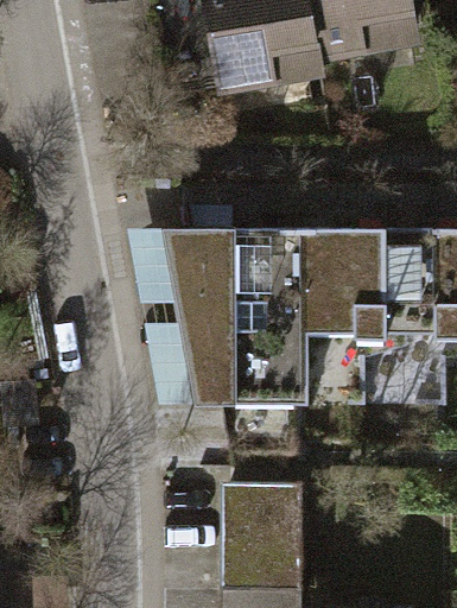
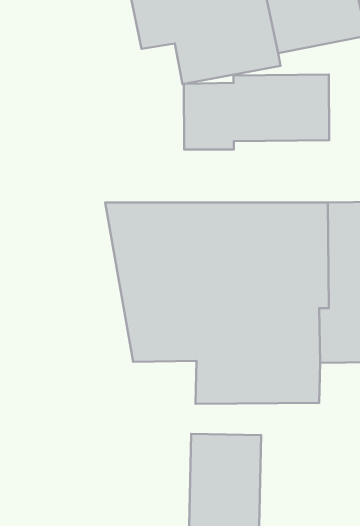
building: none -> [184,75,329,150]

